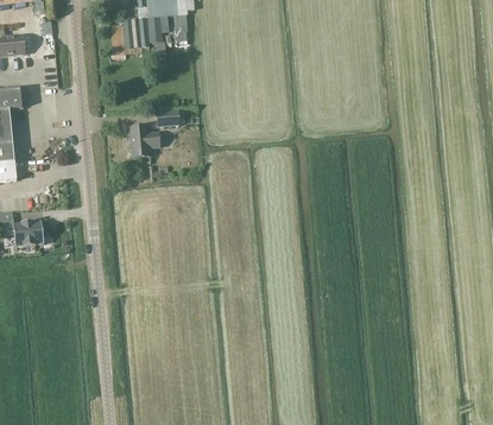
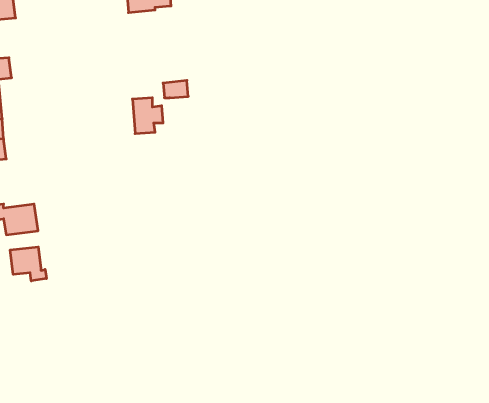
building: none -> [10,247,46,281]

